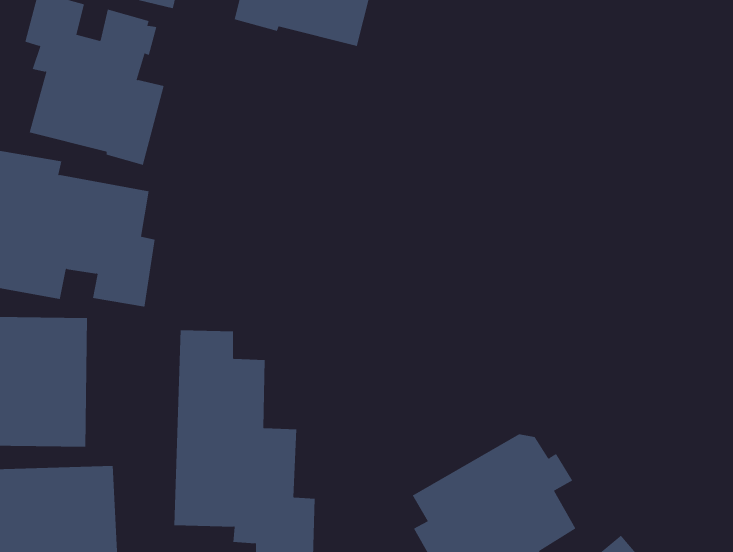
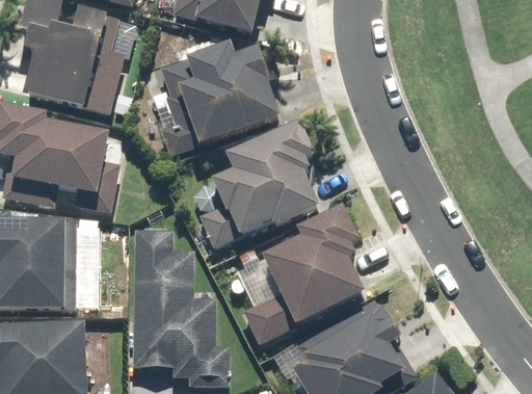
building: none -> [157,42,282,157]
building: none -> [196,117,321,248]
building: none -> [240,203,368,344]

